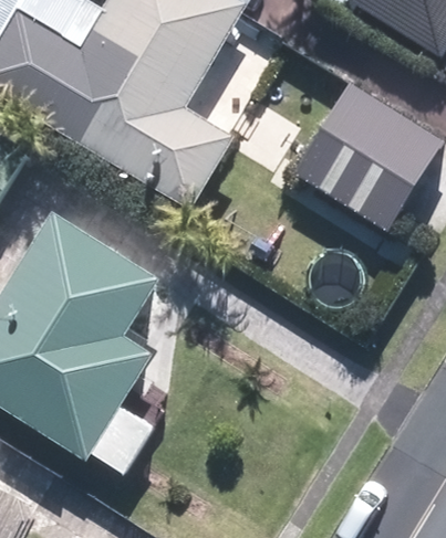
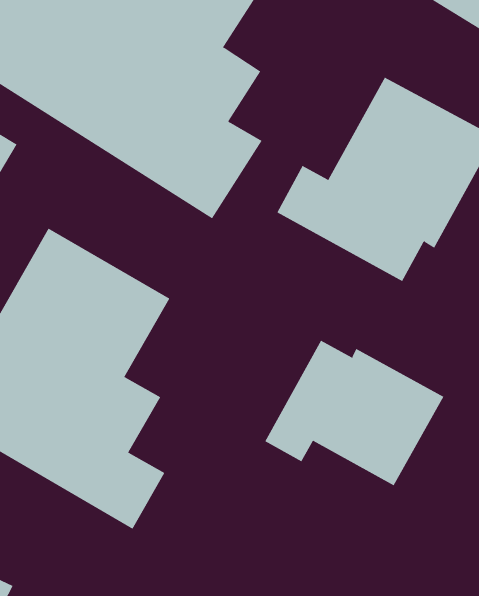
building: none -> [265,340,444,486]

